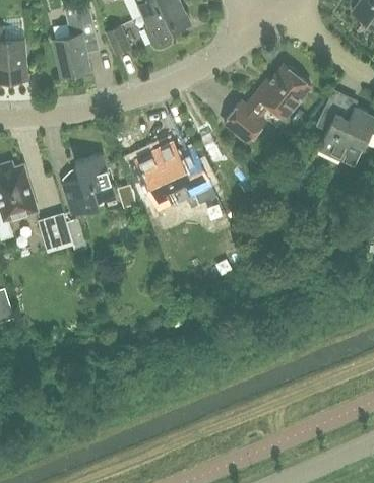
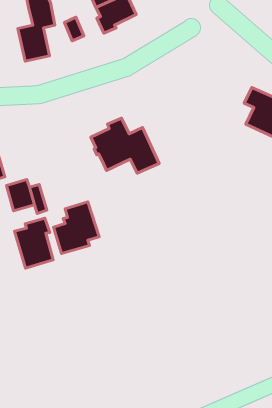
building: [224,64,310,142] -> none
building: [62,154,115,214] -> [54,202,99,253]
building: none -> [15,218,53,268]

